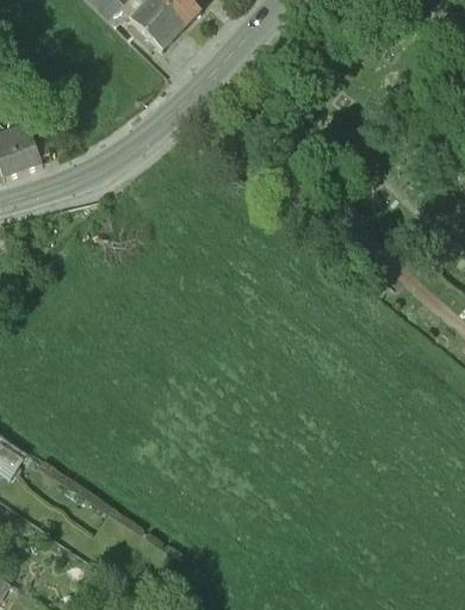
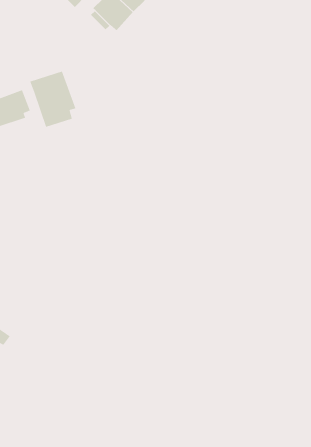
building: none -> [29,70,76,128]

